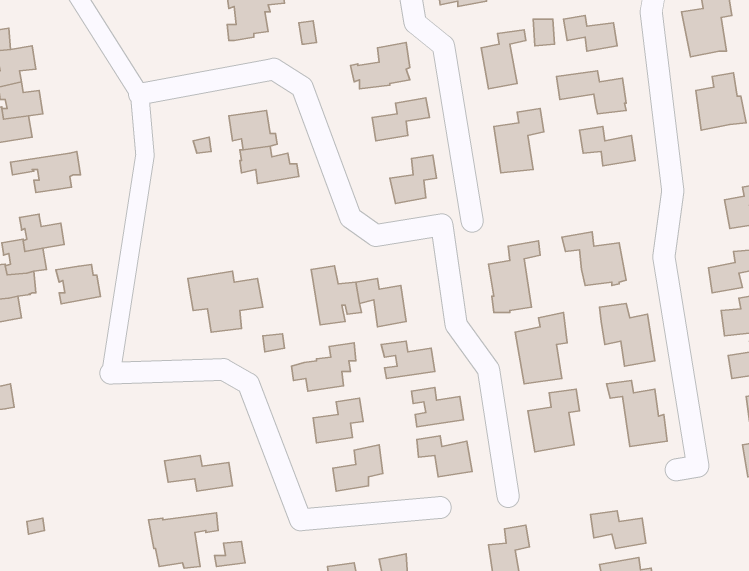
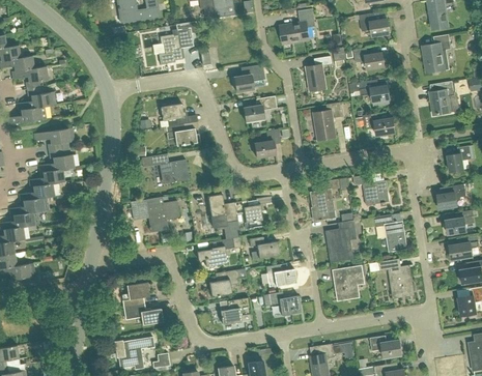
building: none -> [148,154,187,183]
building: [56,264,100,304] -> [48,148,74,171]
building: none -> [121,282,148,307]

